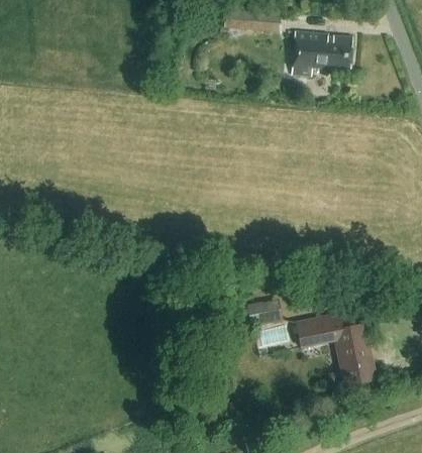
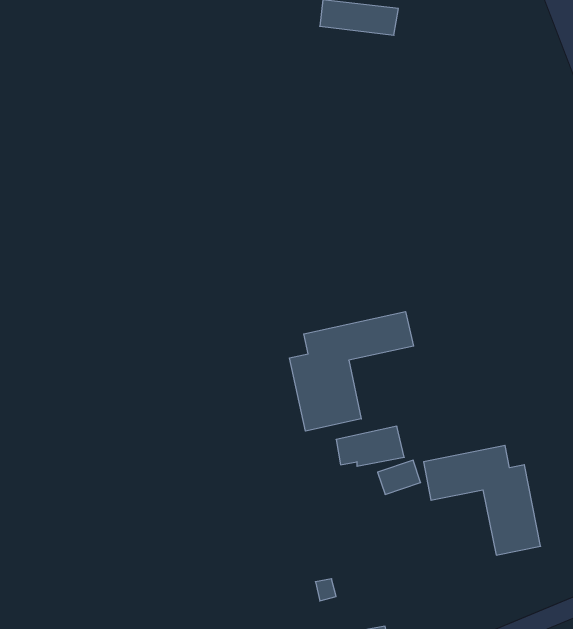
building: [291,30,352,75] -> none
building: none -> [290,312,414,431]

